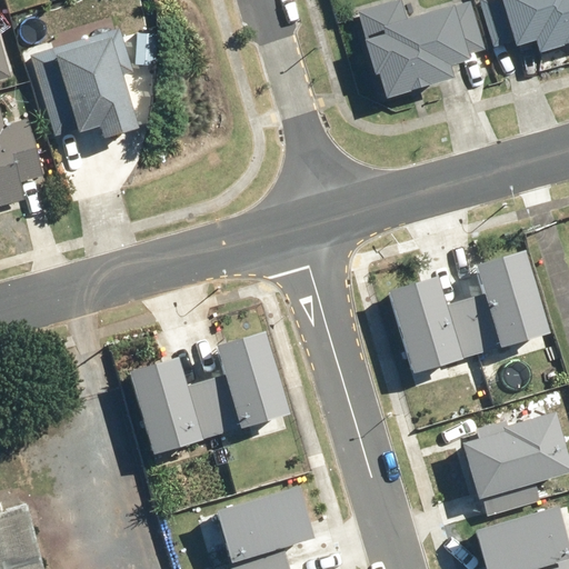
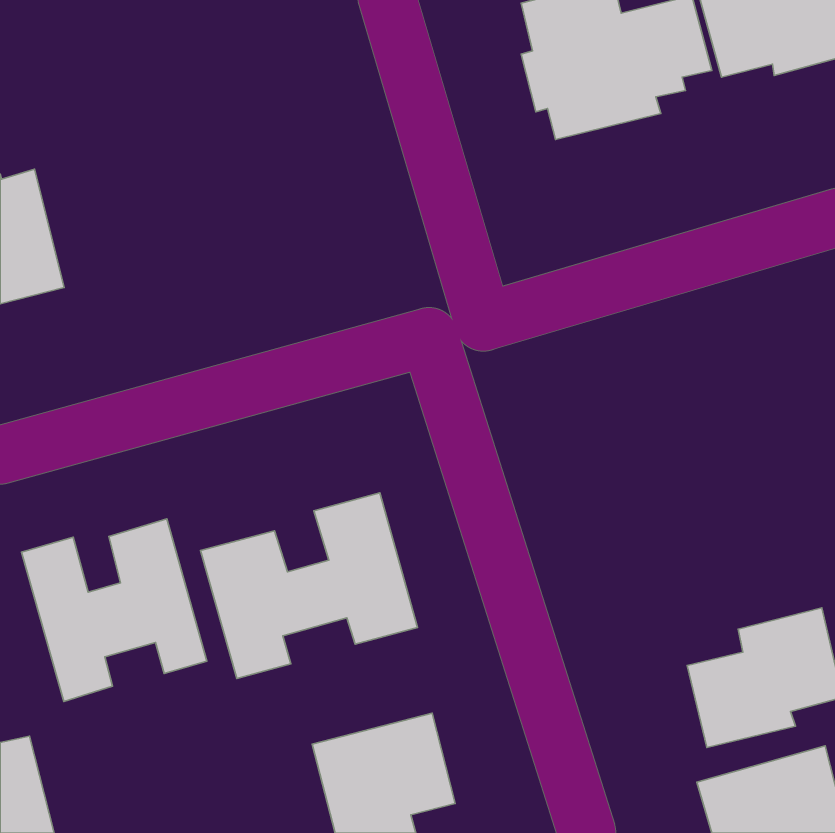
building: [26,23,136,141] -> none
building: [402,258,548,382] -> none
building: none -> [22,519,207,701]

